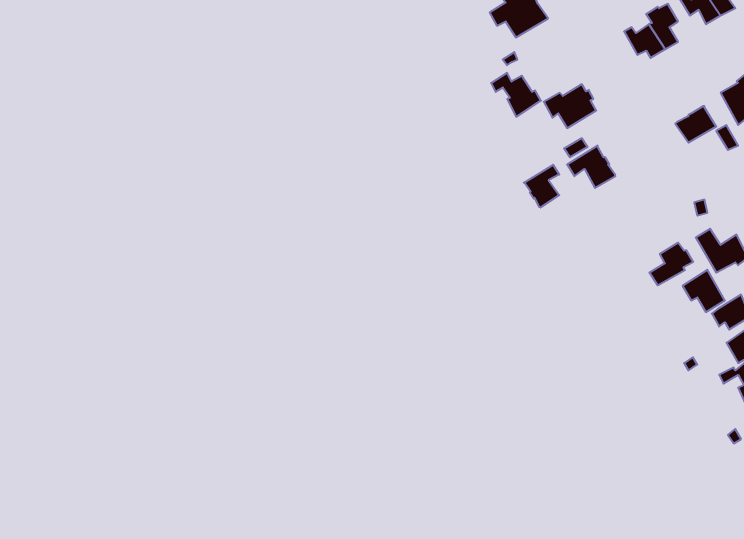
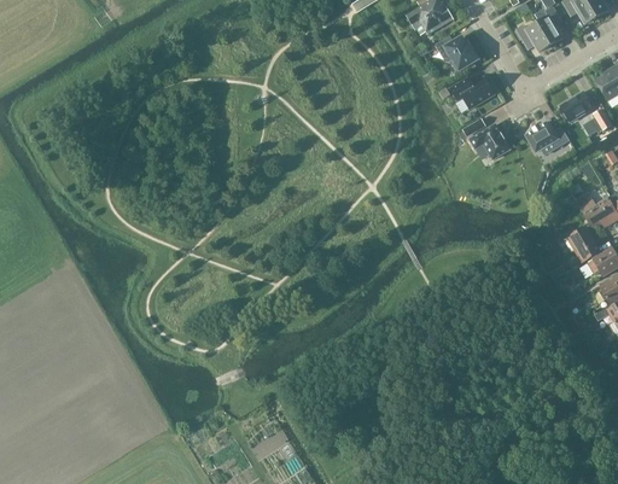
building: [491,73,541,117] -> [436,36,477,72]
building: none -> [525,122,570,152]
building: [524,165,559,208] -> none
building: [649,243,693,285] -> none

